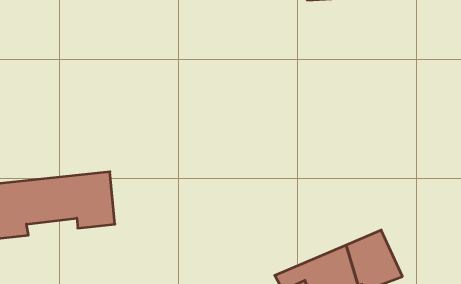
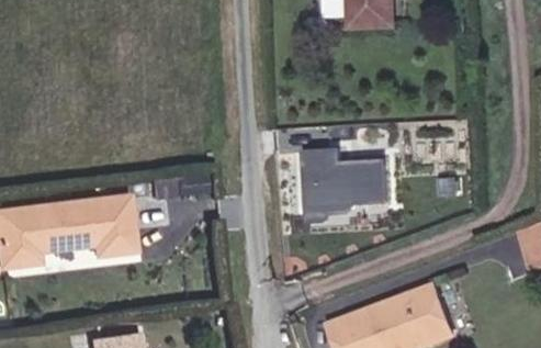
building: none -> [308,151,391,223]

